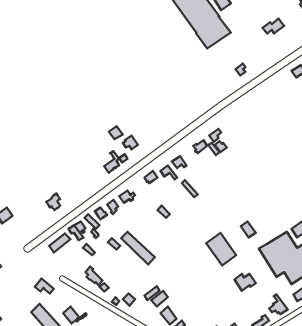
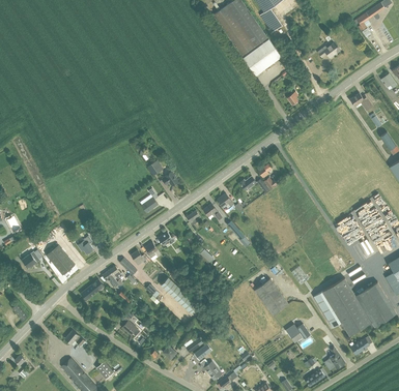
building: none -> [46,244,75,274]

